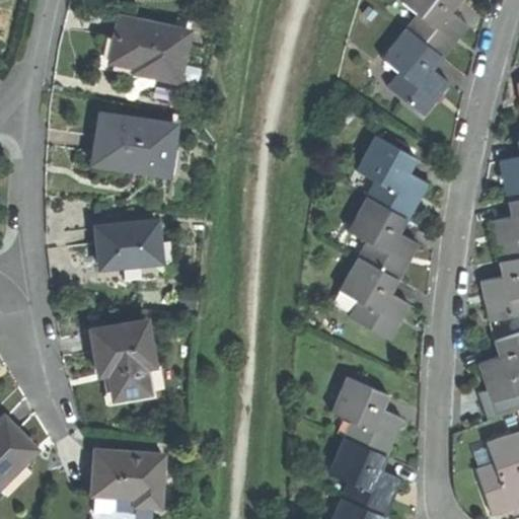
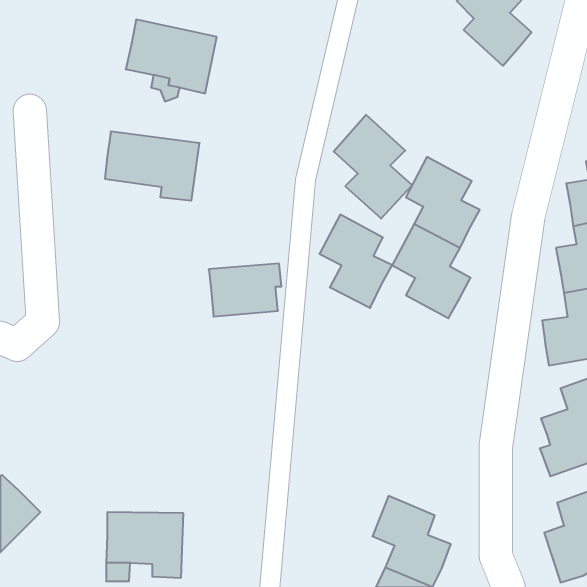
building: [381,26,450,118] -> [334,115,412,219]
building: [96,220,160,267] -> [209,264,281,317]
building: [341,260,404,342] -> [319,215,392,308]
building: [92,321,154,396] -> none
building: [330,376,399,453] -> none

